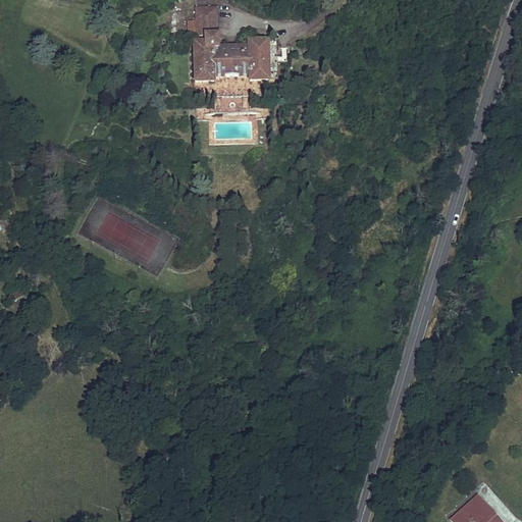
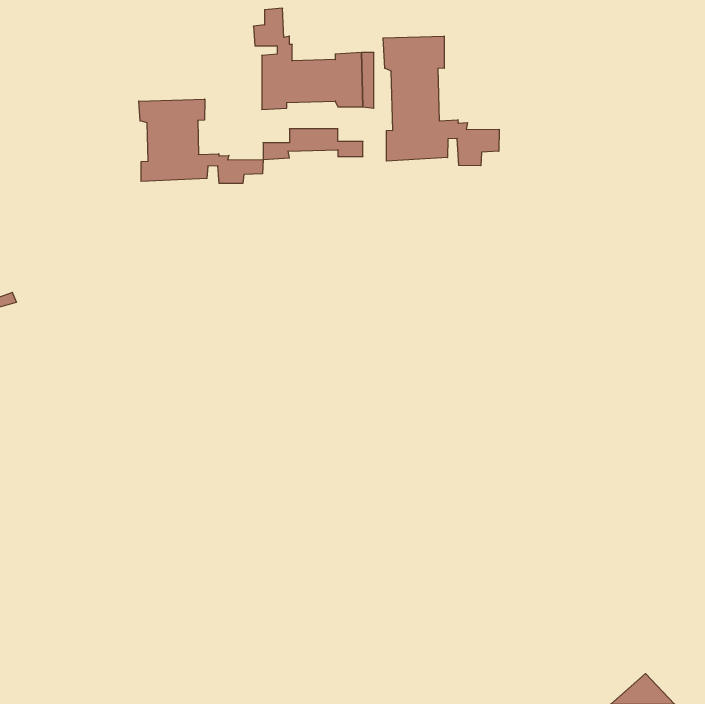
building: none -> [383,36,499,166]
building: none -> [139,99,263,183]

